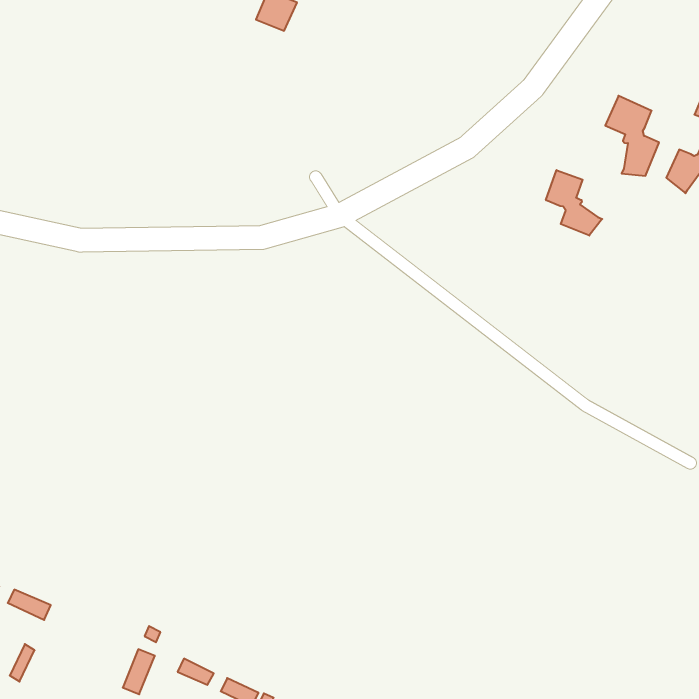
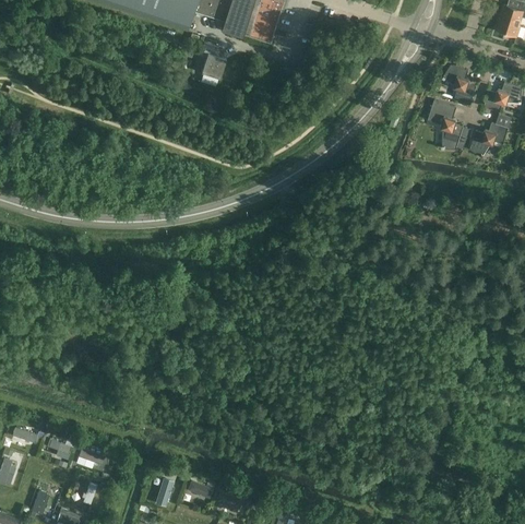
building: none -> [443,64,477,103]
building: [546,170,602,236] -> none

